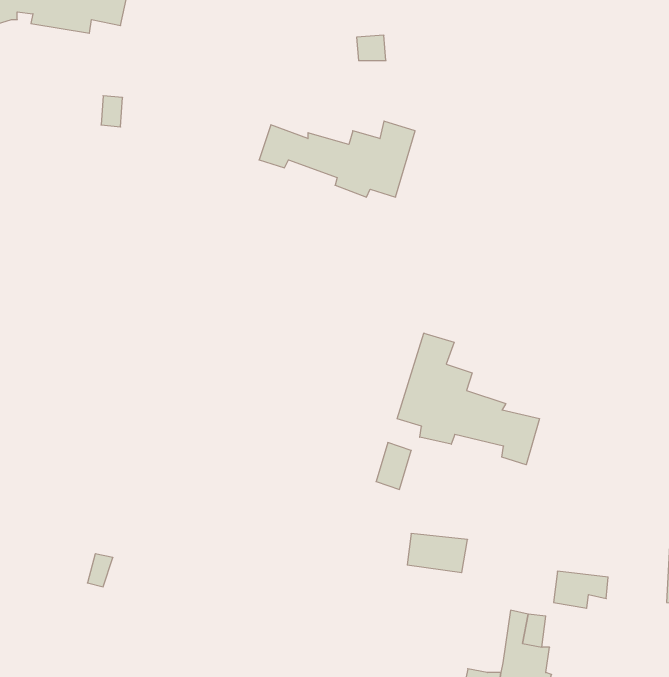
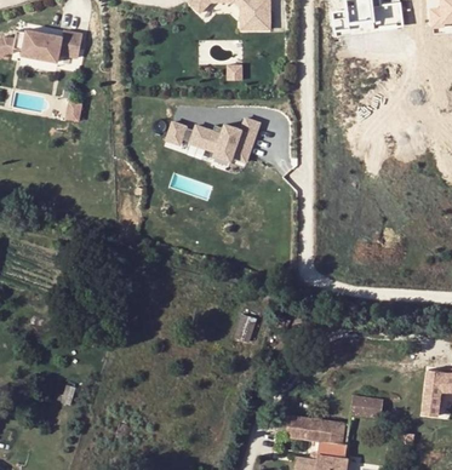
building: [397,333,539,465] -> none
building: [407,534,468,573] -> [285,417,322,441]

